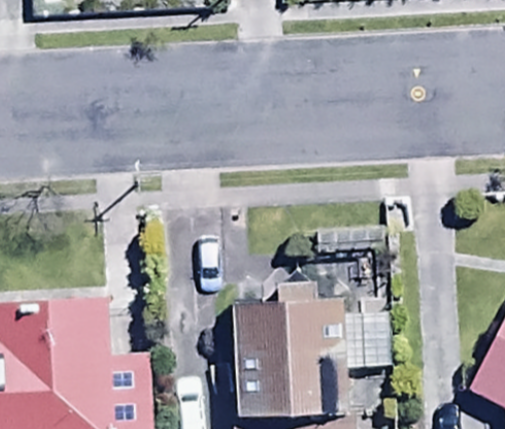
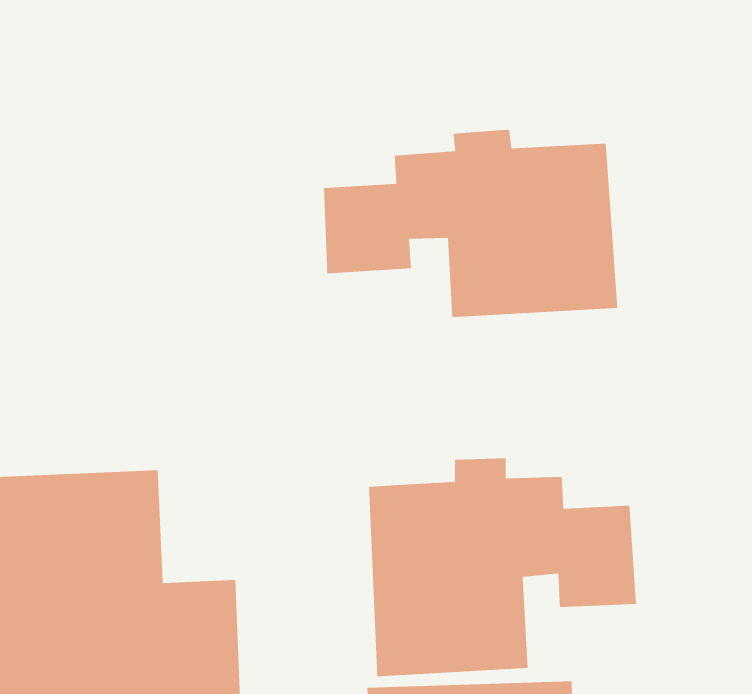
building: none -> [323,129,618,318]

